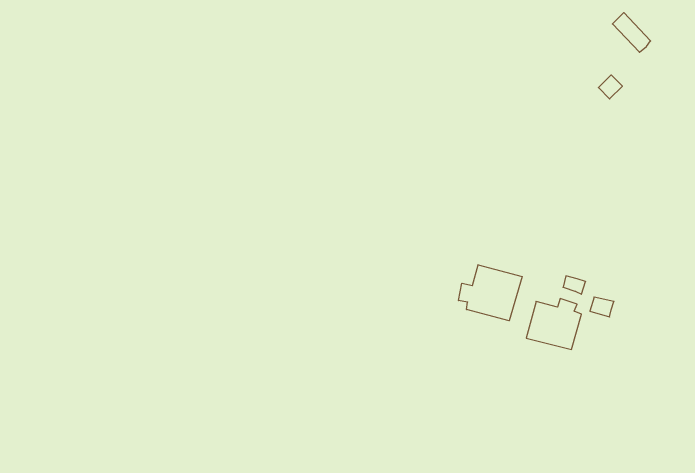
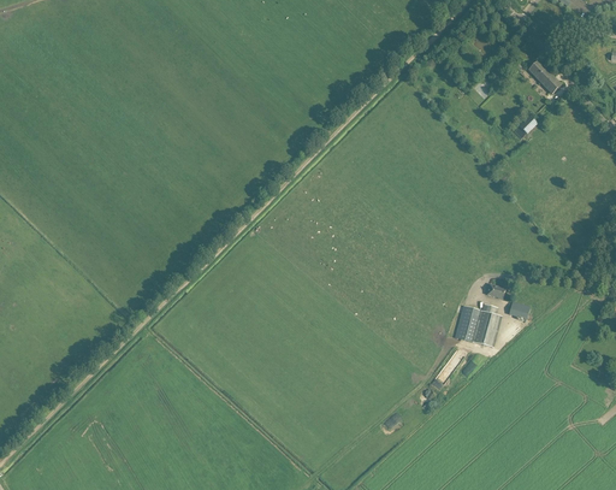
building: [459,265,522,321] -> none

